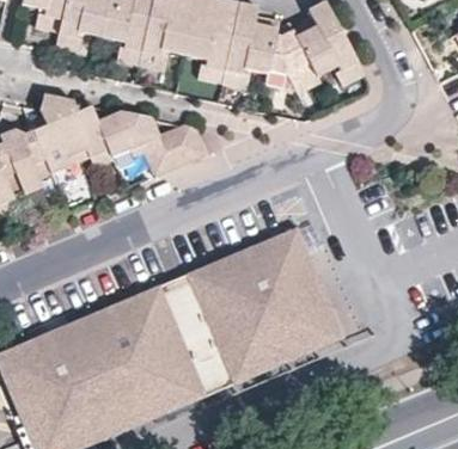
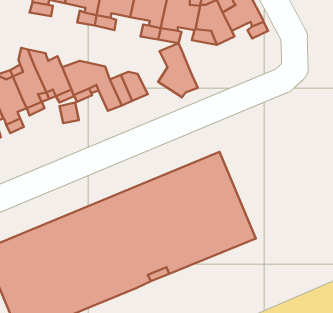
building: none -> [158,43,198,97]

